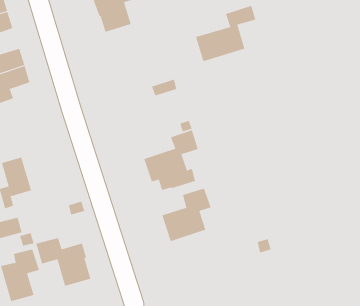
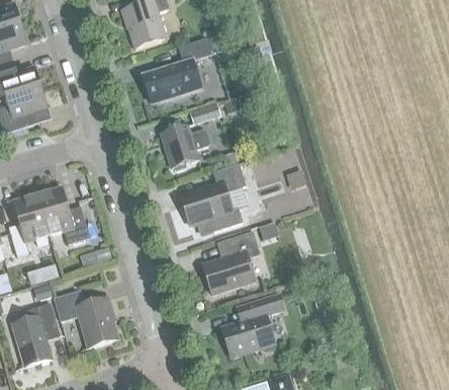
building: [195,5,256,62] -> [142,36,213,103]
building: none -> [160,125,208,170]
building: none -> [36,187,89,244]
building: none -> [221,295,282,357]

